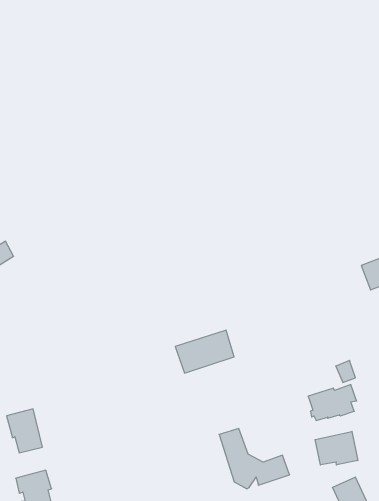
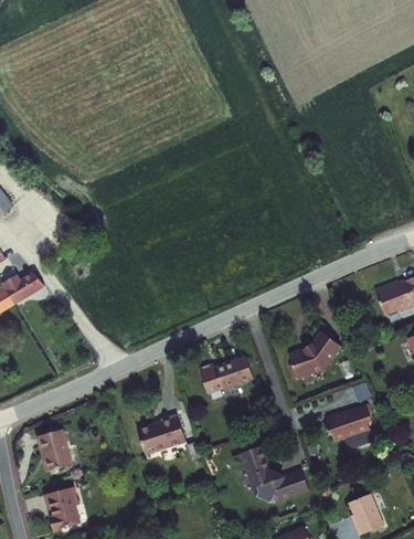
building: none -> [289,331,341,379]
building: none -> [138,414,187,453]
building: [315,431,358,465] -> none

